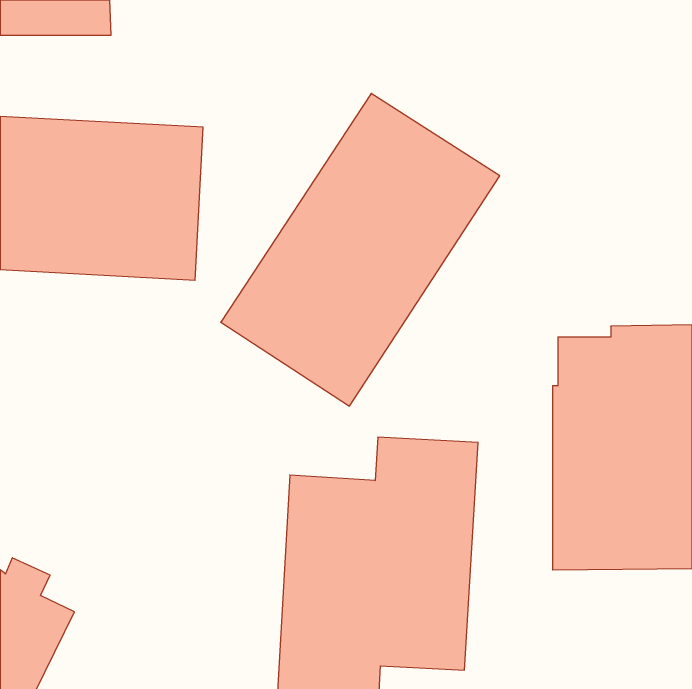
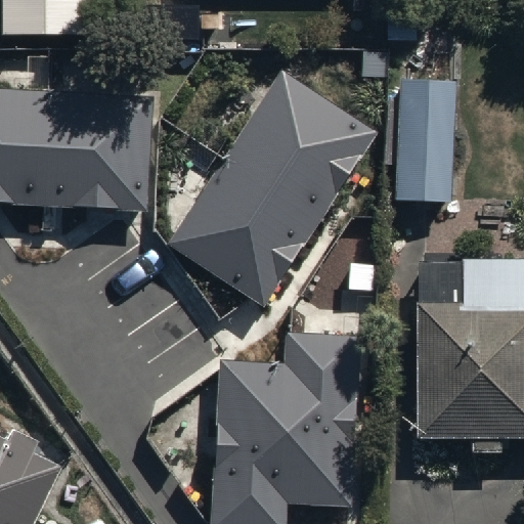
building: none -> [389,77,450,194]

